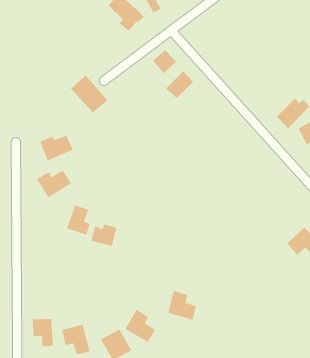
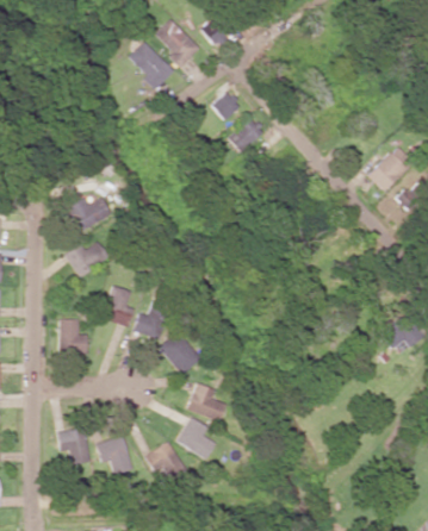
building: [70,75,108,113] -> [126,40,174,89]
building: none -> [61,319,87,354]
building: none -> [159,331,201,374]
building: [167,290,197,321] -> [188,383,225,421]

